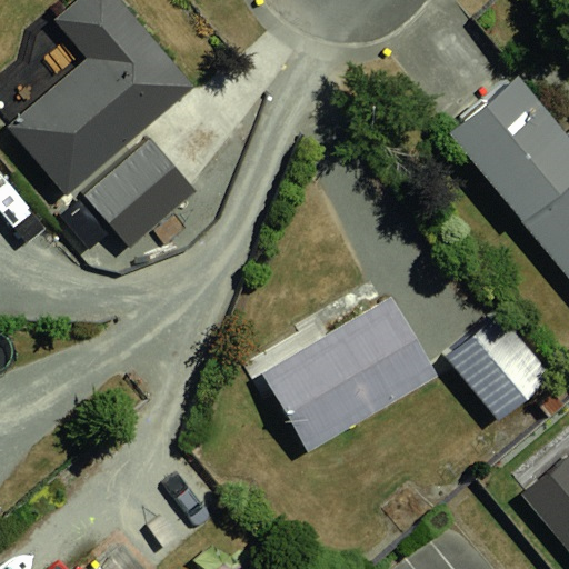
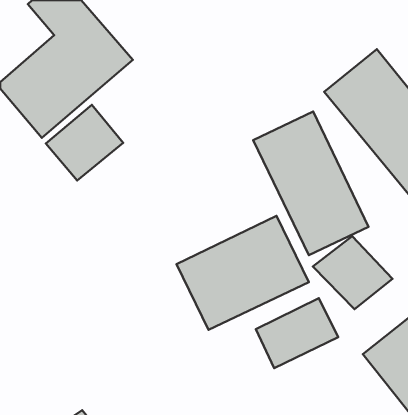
building: none -> [253,111,369,255]
building: none -> [256,298,338,368]

